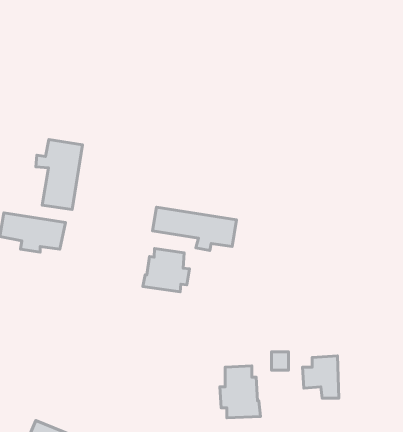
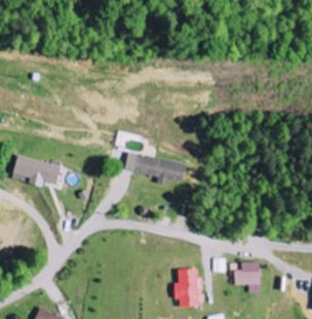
building: [36,140,82,209] -> none
building: [143,248,190,292] -> none

